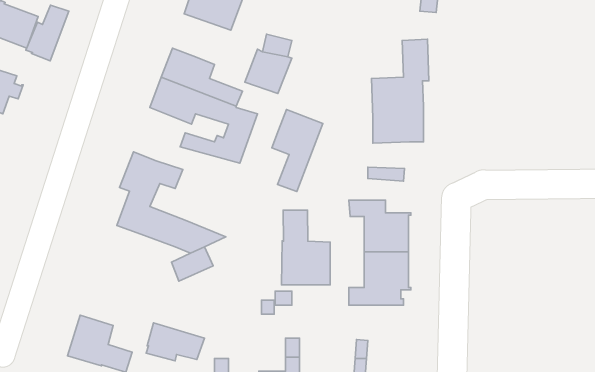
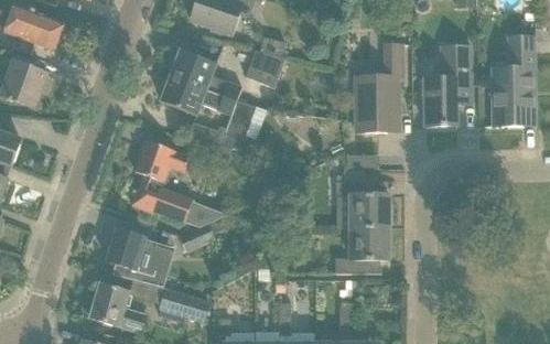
building: [26,5,69,61] -> none
building: none -> [487,35,536,125]
building: none -> [424,45,471,127]
building: [272,110,323,191] -> none
building: [282,210,330,285] -> none
building: none -> [107,228,173,286]

